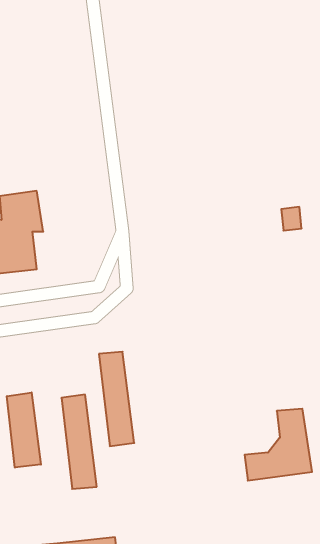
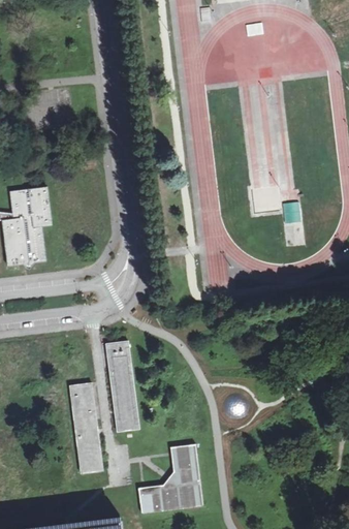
building: [7,392,41,468] -> none
building: [245,409,312,481] -> [138,442,203,511]

